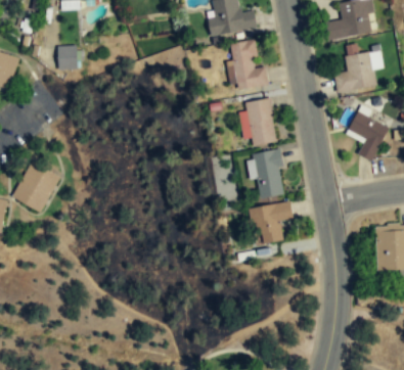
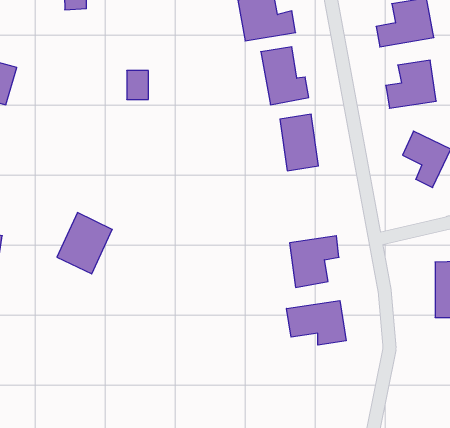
building: [58,44,77,68] -> [127,71,148,99]
building: [246,149,285,198] -> none
building: [12,161,59,214] -> [57,213,112,274]
building: none -> [287,301,346,345]

